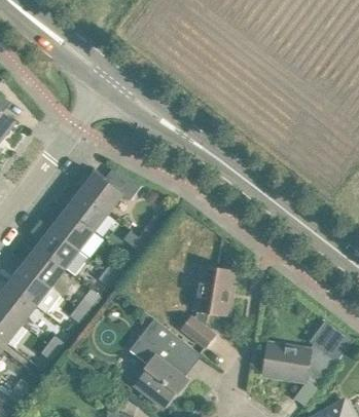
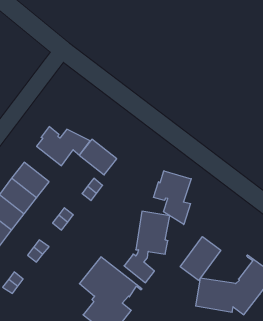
building: [64,191,107,232] -> [79,139,117,175]
building: none -> [153,171,191,225]
building: none -> [180,237,221,280]

